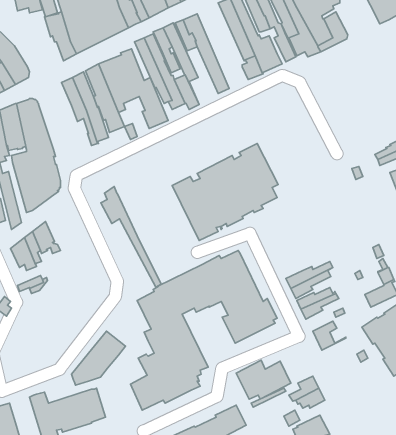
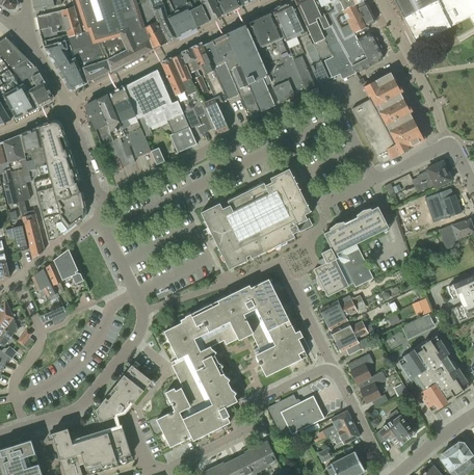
building: none -> [227,24,274,111]
building: none -> [43,35,86,89]
building: none -> [350,72,425,163]
building: none -> [314,206,387,296]
building: [101,187,161,287] -> none
building: none -> [343,248,373,287]
building: none -> [357,371,385,402]
building: none -> [379,410,415,445]

